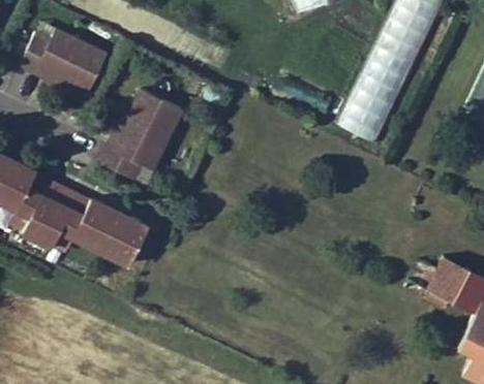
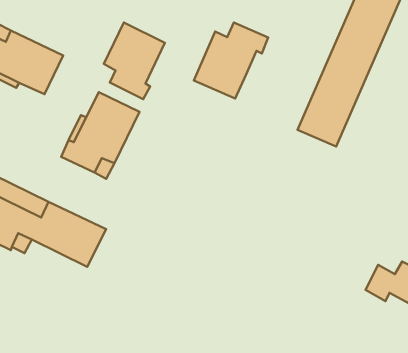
building: none -> [194,23,268,98]
building: none -> [104,23,165,99]

